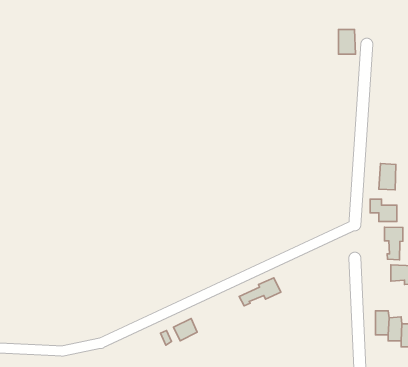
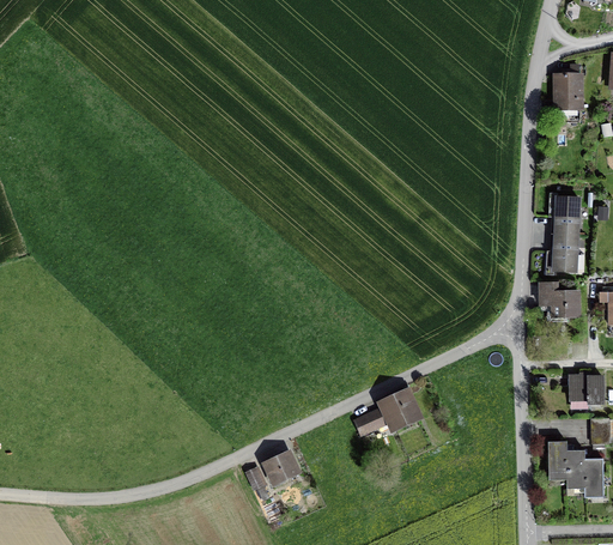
building: [338,29,355,54] -> [557,74,581,109]
building: none -> [556,198,579,235]
building: [385,227,403,260] -> none

